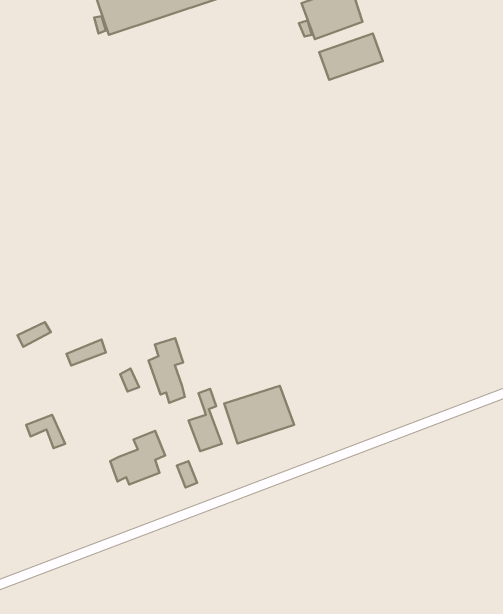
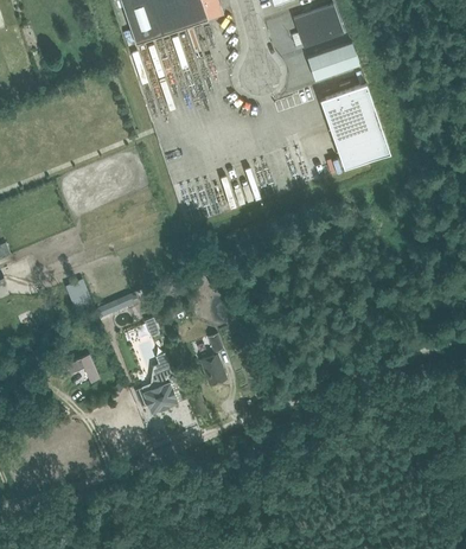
building: none -> [320,85,390,168]
building: [149,338,185,403] -> none
building: [224,386,294,444] -> none

